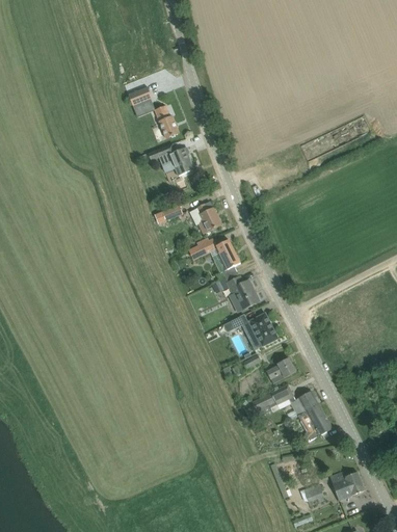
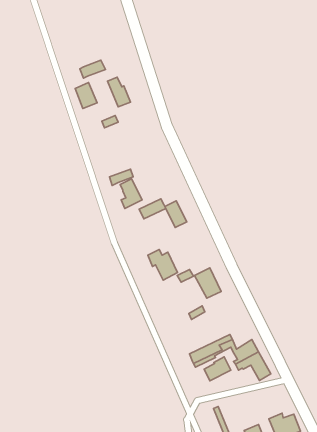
building: [169,148,193,176] -> [75,83,97,108]
building: [196,202,220,234] -> [120,179,142,208]
building: [227,276,259,310] -> [148,249,177,280]
building: [266,357,295,383] -> [204,357,231,381]

